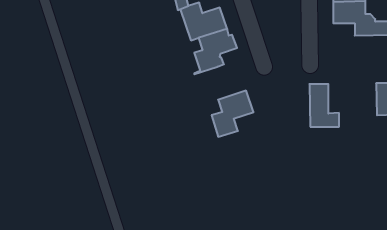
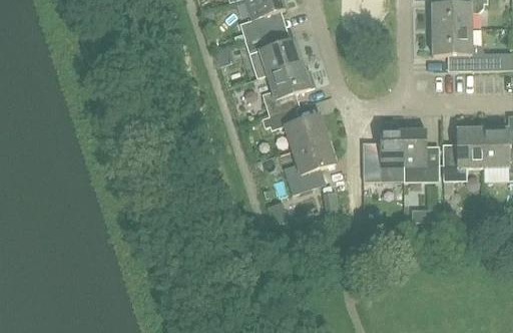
building: none -> [263,108,326,148]
building: none -> [442,128,485,181]
building: none -> [363,129,404,182]

